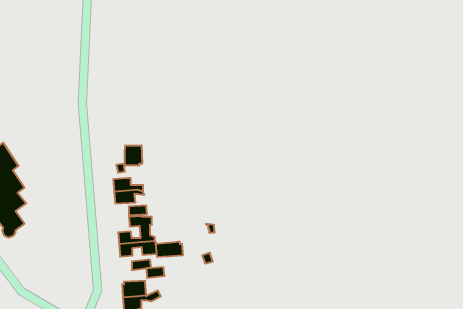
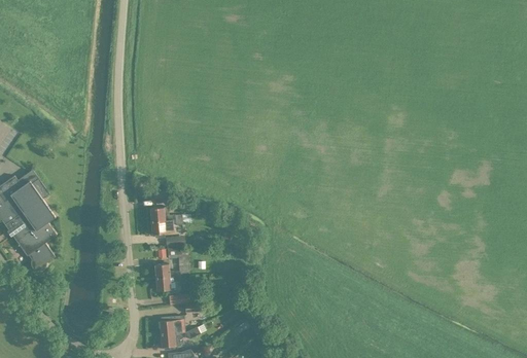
building: [125,145,142,166] -> none
building: [156,241,183,257] -> none

